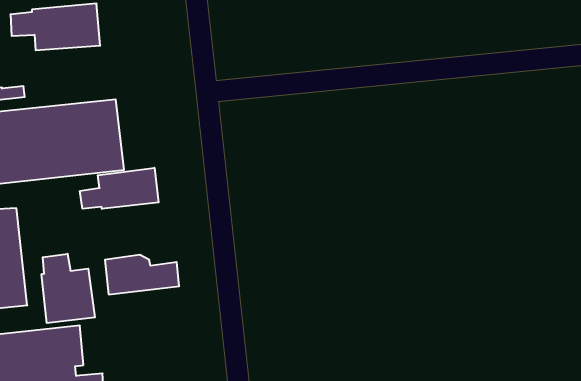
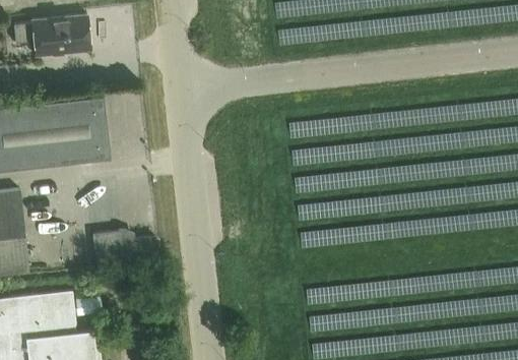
building: [80,168,159,209] -> none
building: [42,254,95,323] -> none

